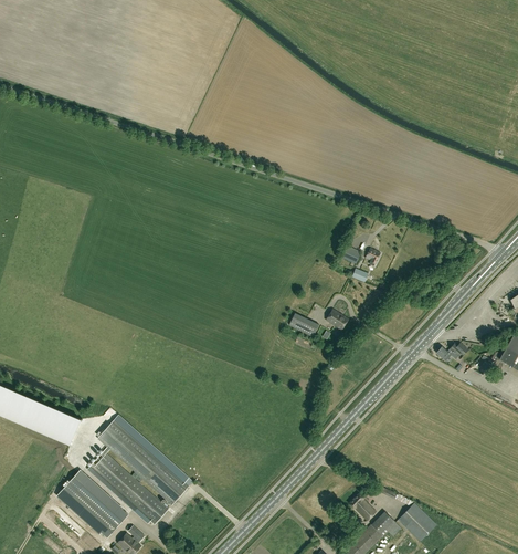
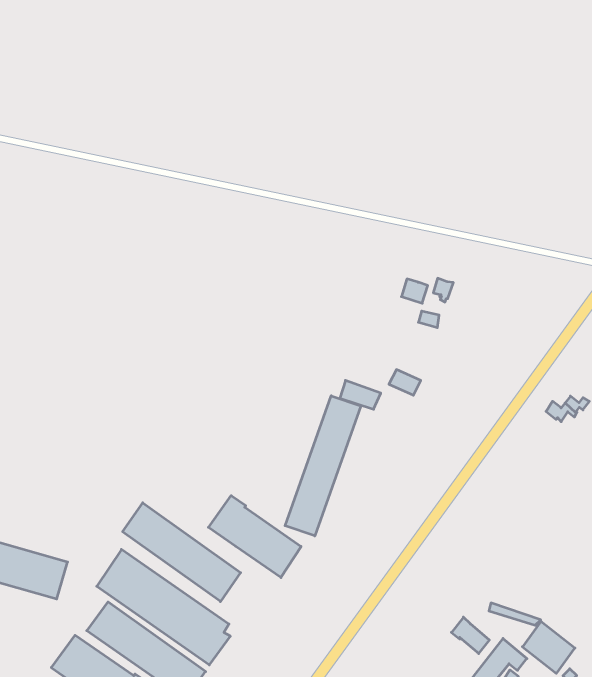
building: none -> [285,396,361,536]
building: none -> [123,503,241,602]
building: none -> [208,496,301,578]

